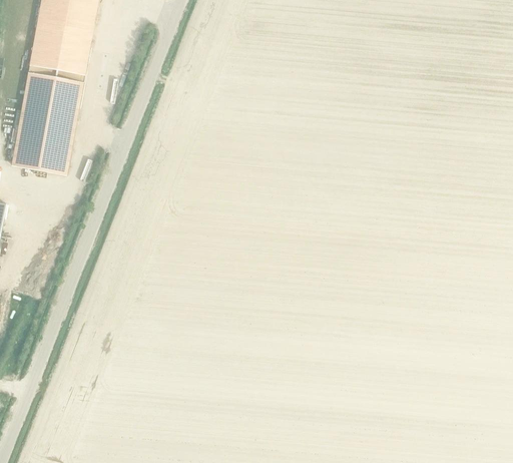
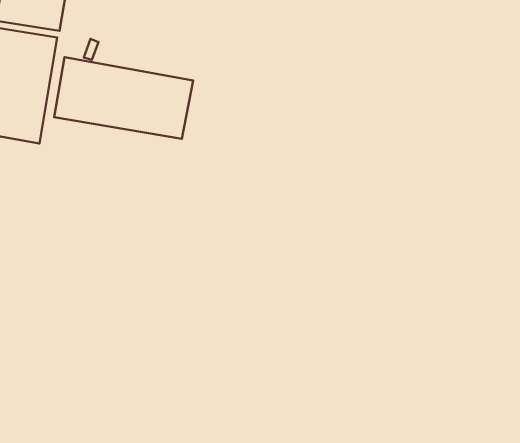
building: none -> [54,57,193,139]

